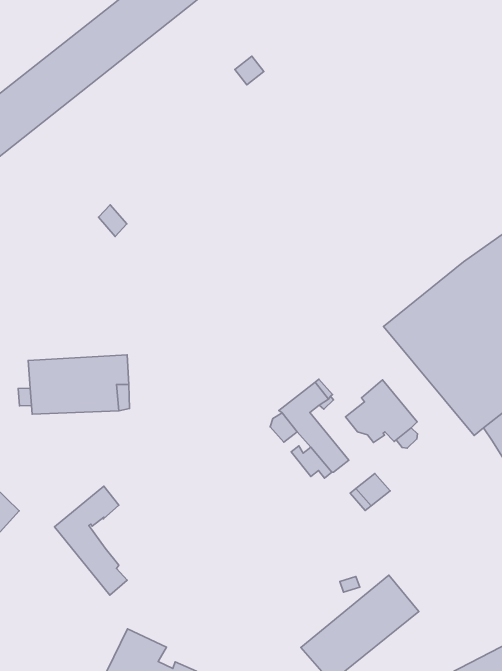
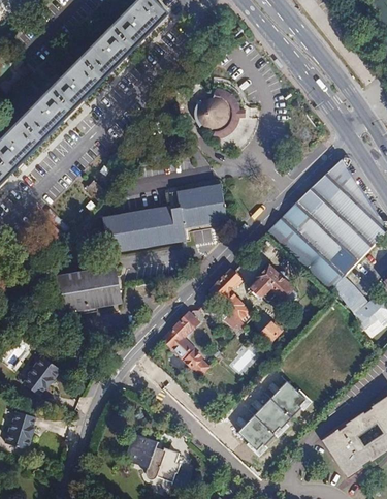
building: none -> [194,88,245,138]
building: none -> [104,186,224,250]
building: [54,486,127,595] -> [161,311,208,376]

